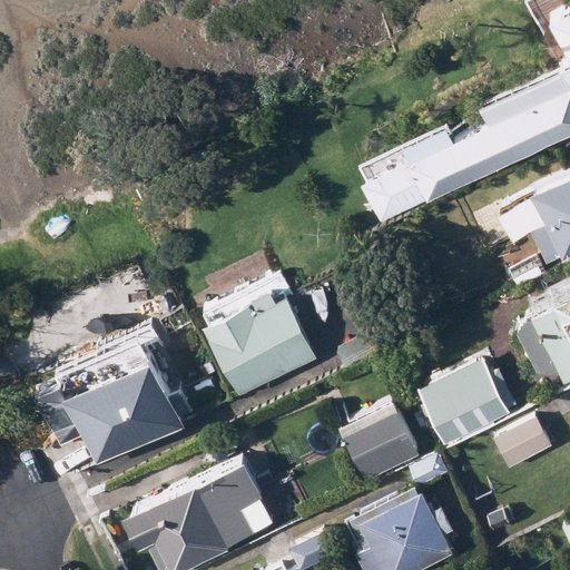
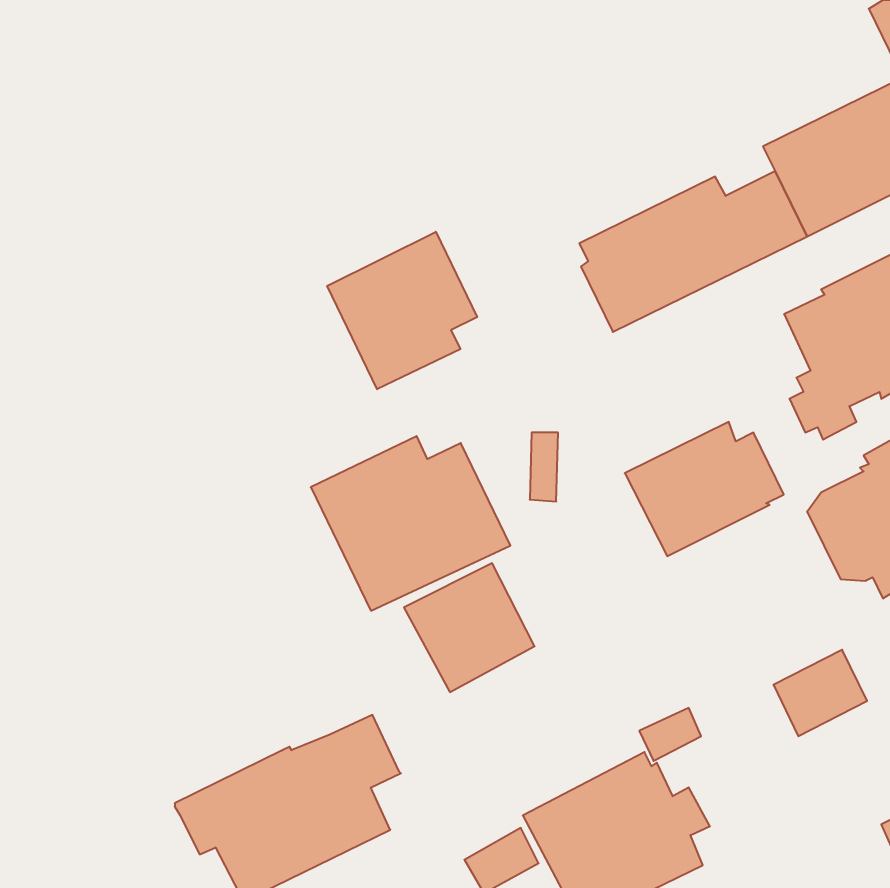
building: none -> [327,232,477,389]
building: [29,350,185,466] -> none
building: [420,362,520,446] -> [625,422,784,556]
building: [338,402,421,483] -> [404,563,535,692]

